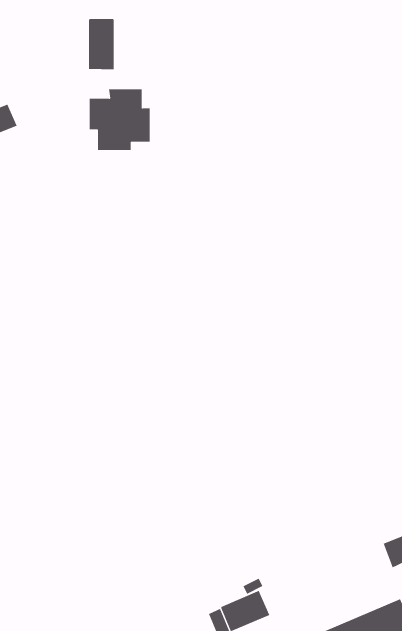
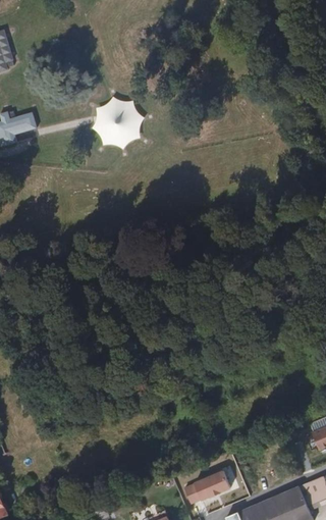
building: [88,18,114,70] -> none

